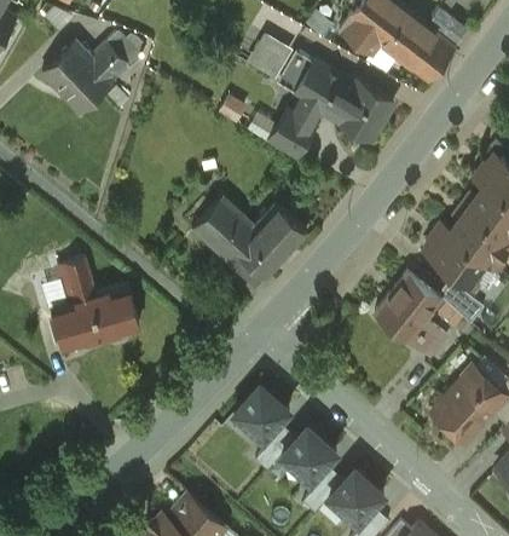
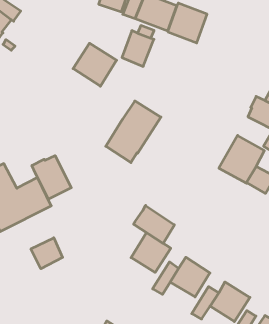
building: [193,196,254,257] -> [73,43,117,86]
building: none -> [32,156,71,199]
building: none -> [134,205,174,243]
building: none -> [31,238,63,269]

